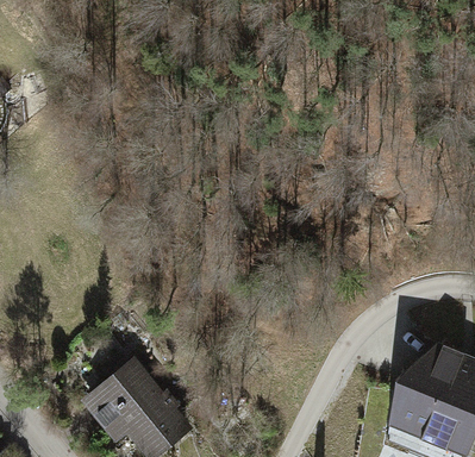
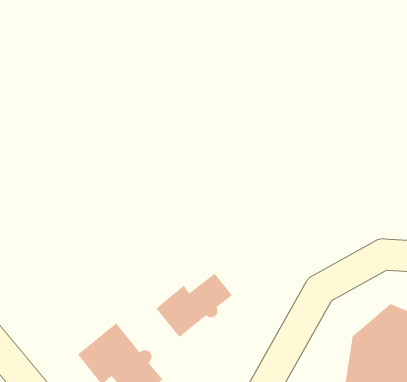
building: none -> [156,273,233,338]

